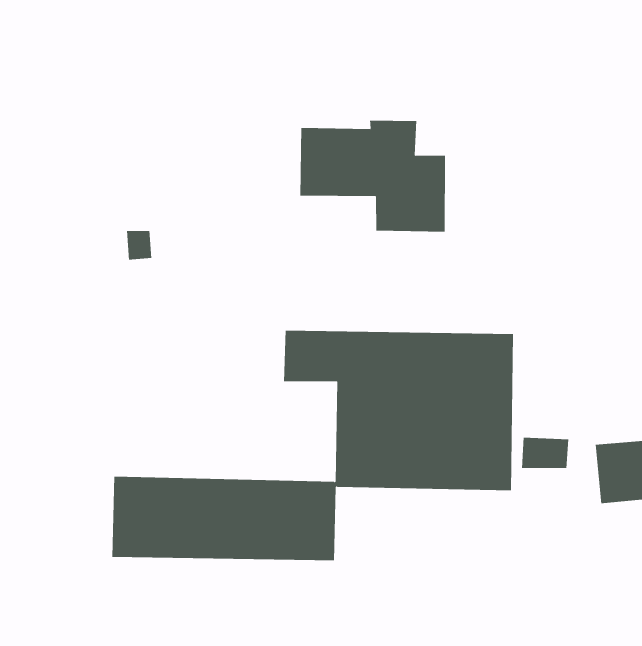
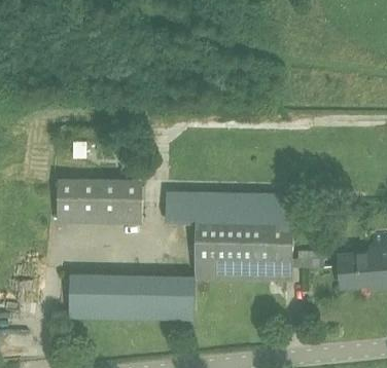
building: [300,120,445,232] -> none
building: none -> [56,186,143,224]

